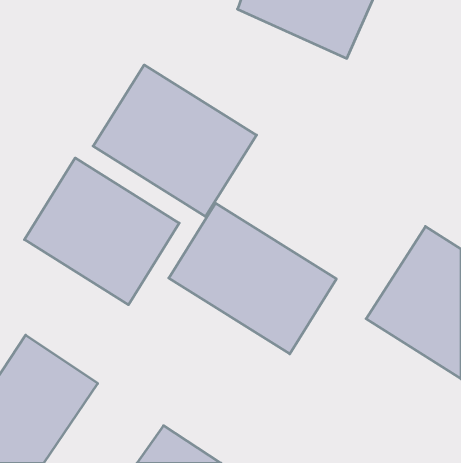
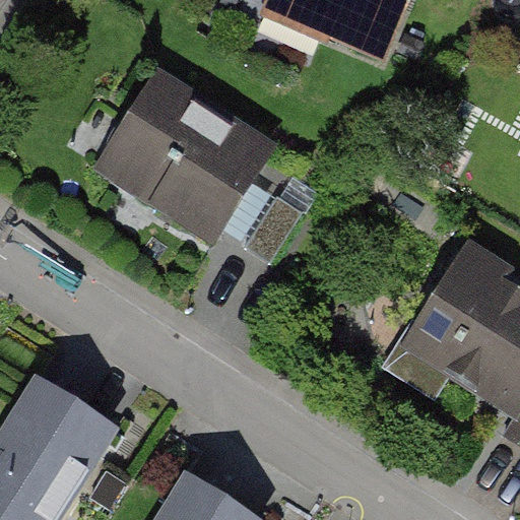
building: [24,158,179,305] -> none
building: [169,203,336,354] -> none

